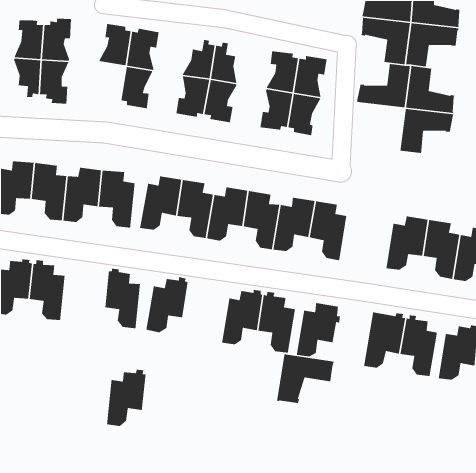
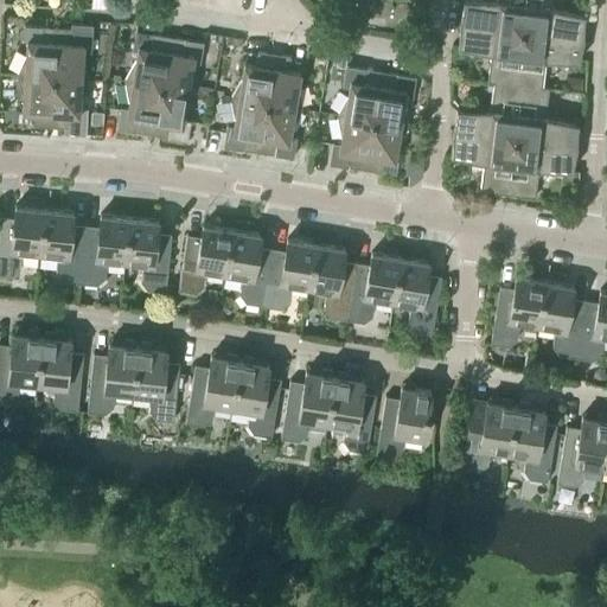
building: none -> [119,83,161,136]
building: none -> [453,135,516,197]
building: none -> [234,359,282,439]
building: [276,354,335,404] -> none
building: [106,369,146,427] -> [88,343,139,416]

